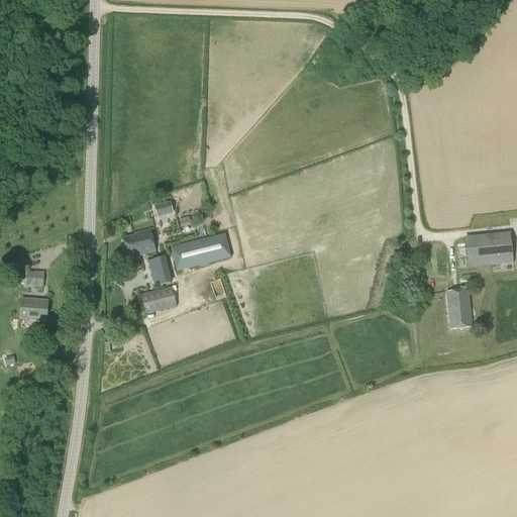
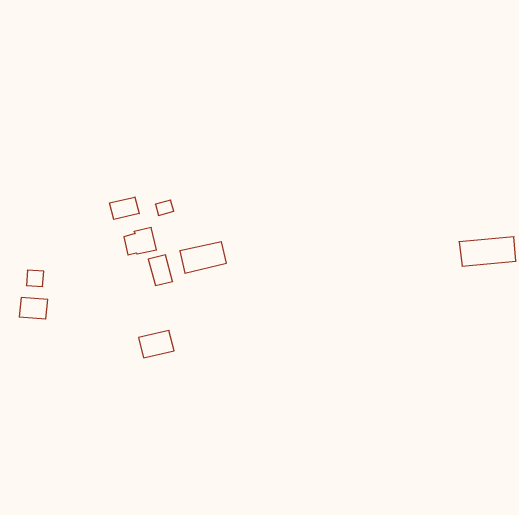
building: none -> [110,197,139,219]
building: [140,284,176,311] -> [139,330,174,358]
building: [446,286,472,325] -> none

